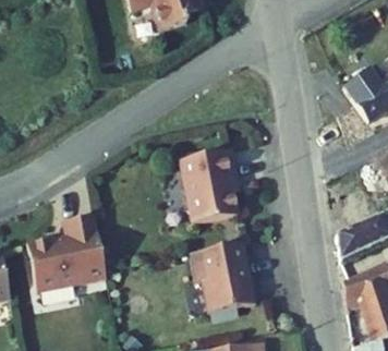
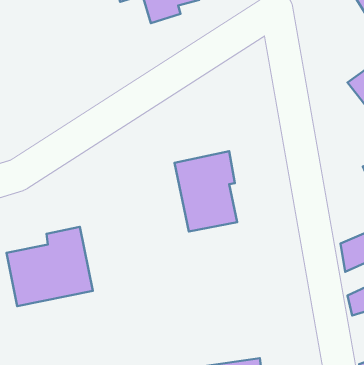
building: [192,243,255,313] -> none

